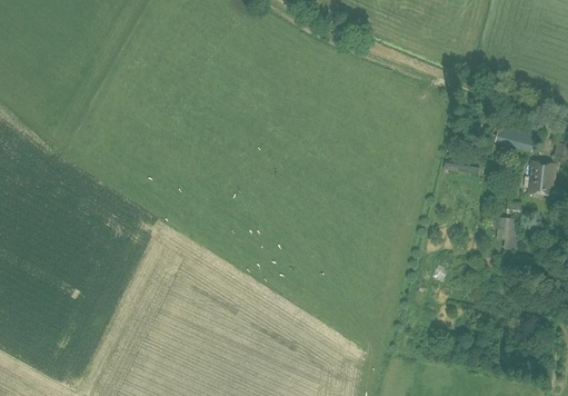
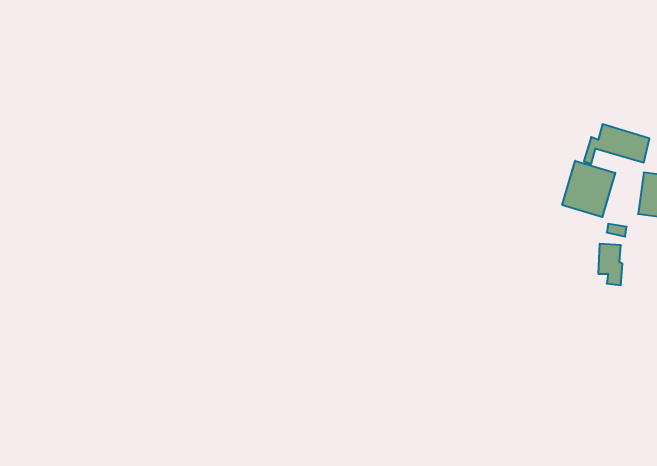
building: none -> [562,161,615,217]

